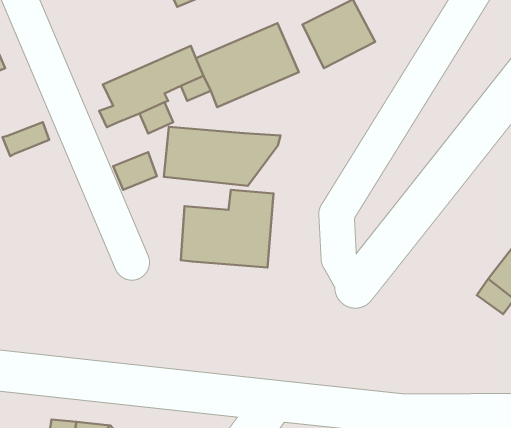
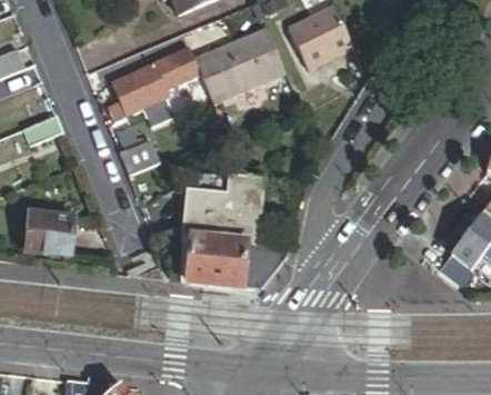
building: [164,127,280,186] -> [186,238,289,290]
building: none -> [26,213,73,256]

